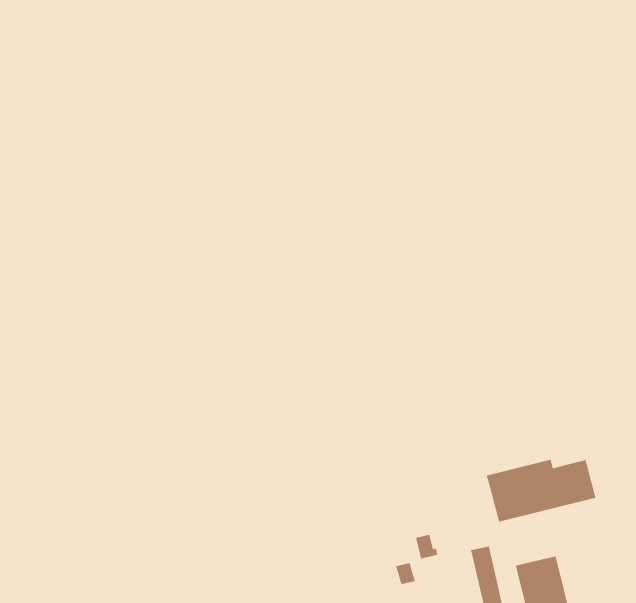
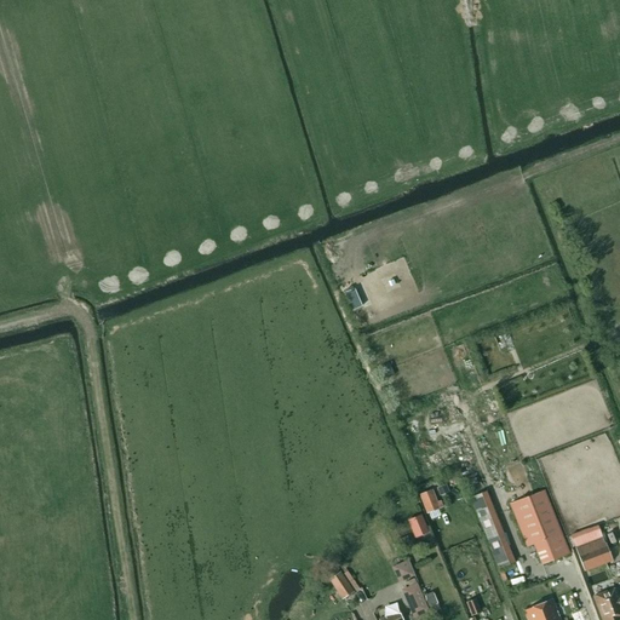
building: [486,459,597,522] -> none

